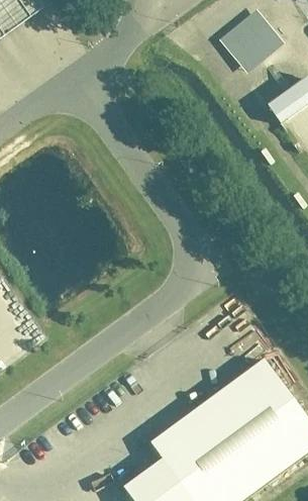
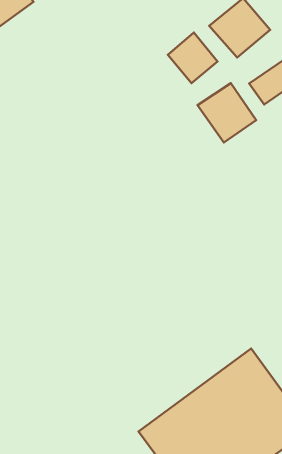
building: none -> [168,32,217,83]
building: none -> [198,83,256,142]

